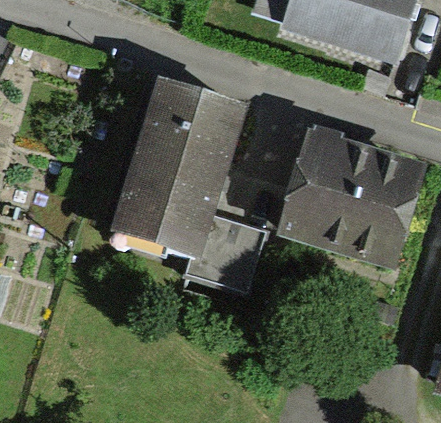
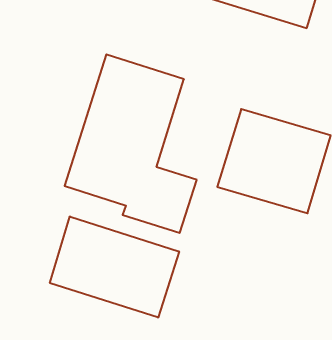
building: none -> [50,216,179,318]

